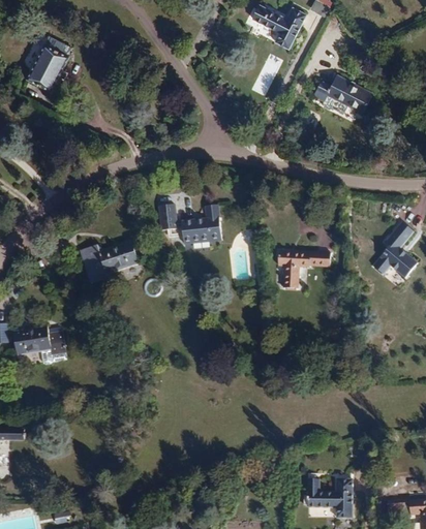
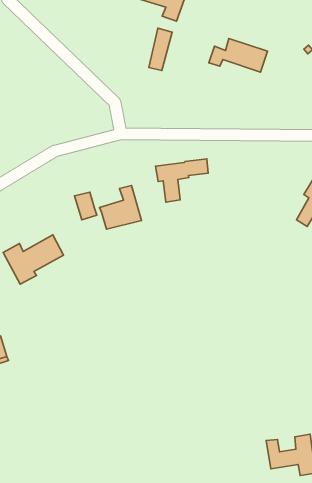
building: [278,251,330,288] -> [156,159,208,202]

